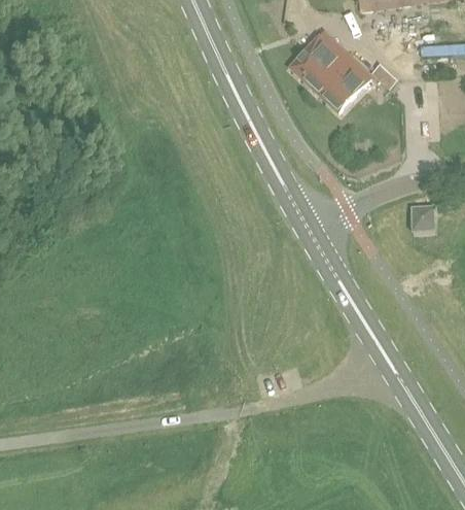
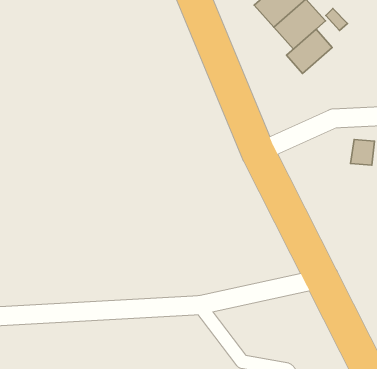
building: none -> [287,29,332,74]

